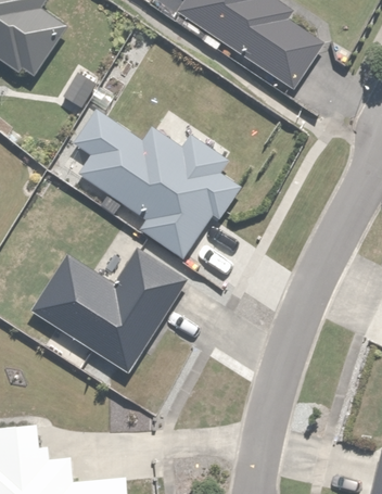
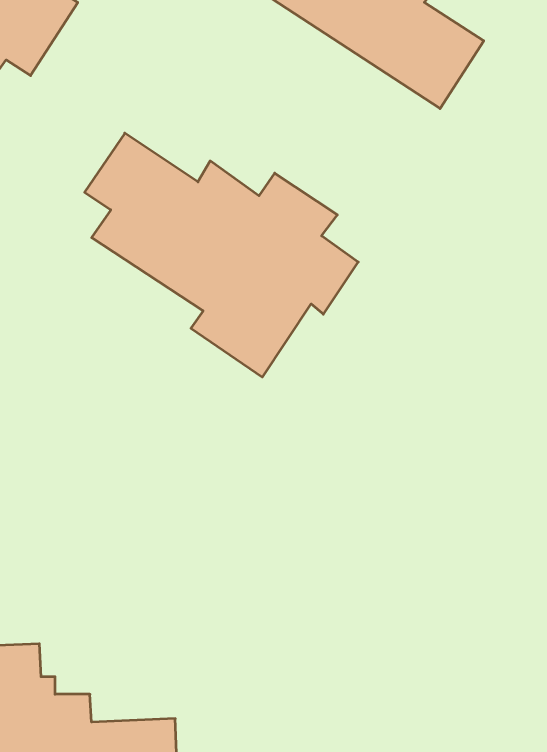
building: [29,246,186,371] -> none

